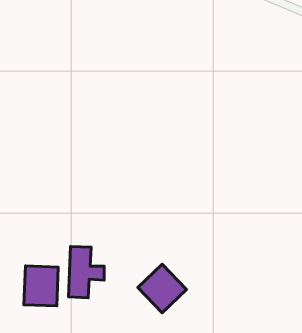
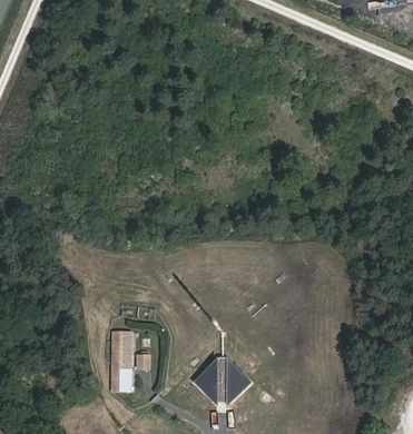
building: [24,266,58,306] -> none

